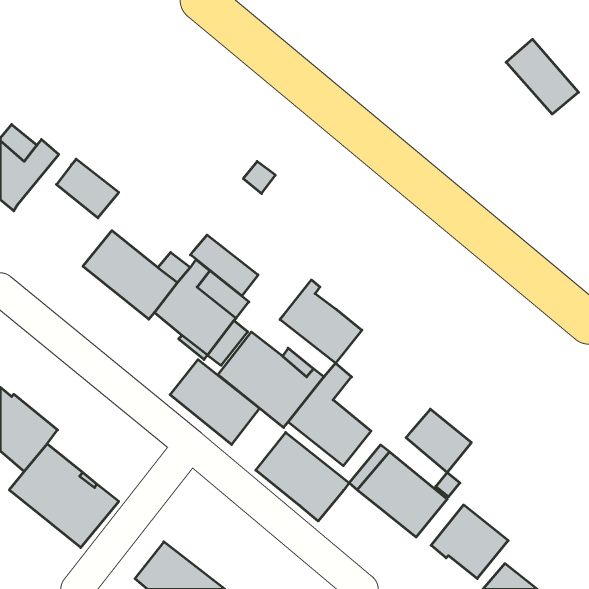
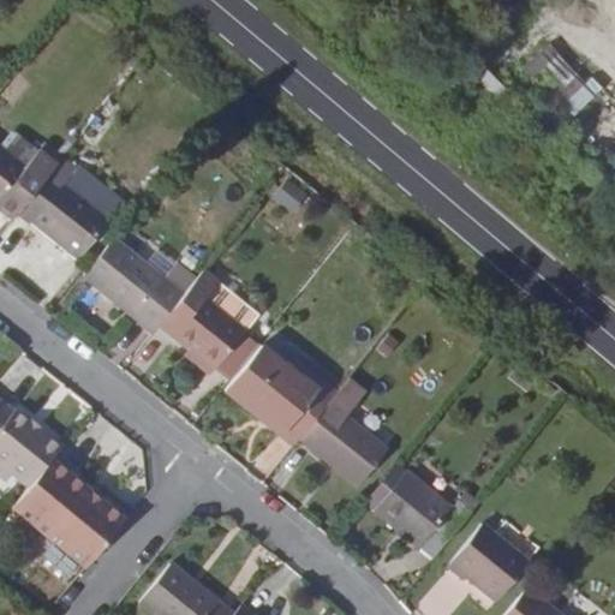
building: none -> [18,161,102,259]
building: [190,235,258,296] -> none
building: [280,280,362,363] -> none
building: [170,360,259,445] -> none
building: [406,409,471,473] -> none
building: [256,432,349,521] -> none

